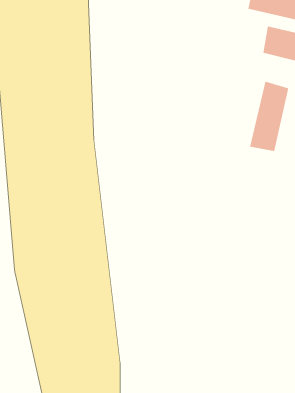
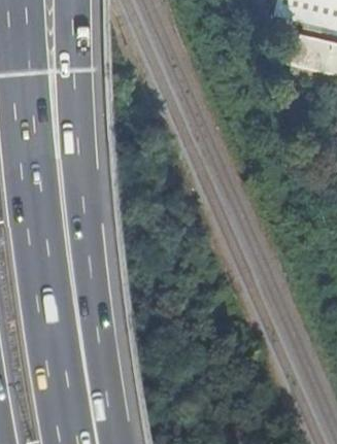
building: [250,81,289,152] -> none

